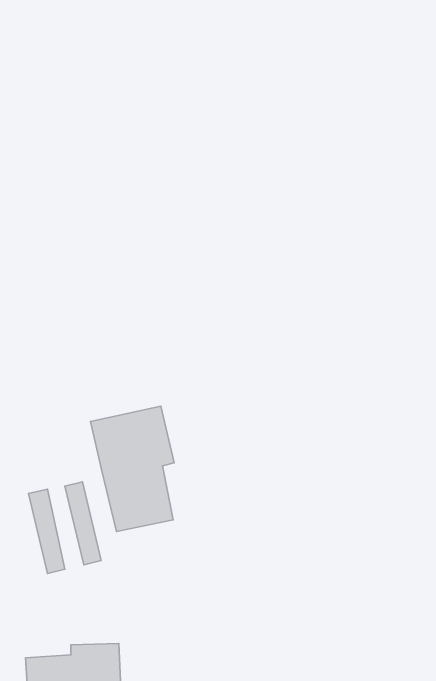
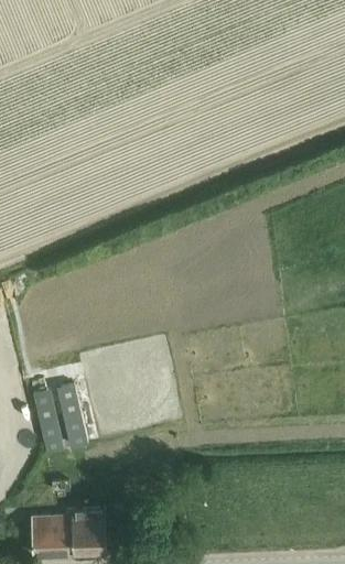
building: [90,406,174,531] -> none

